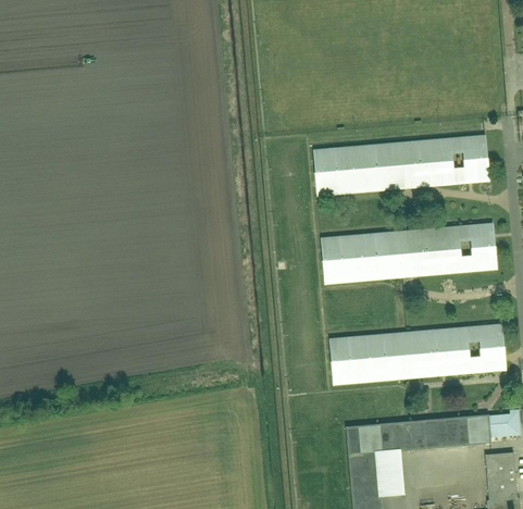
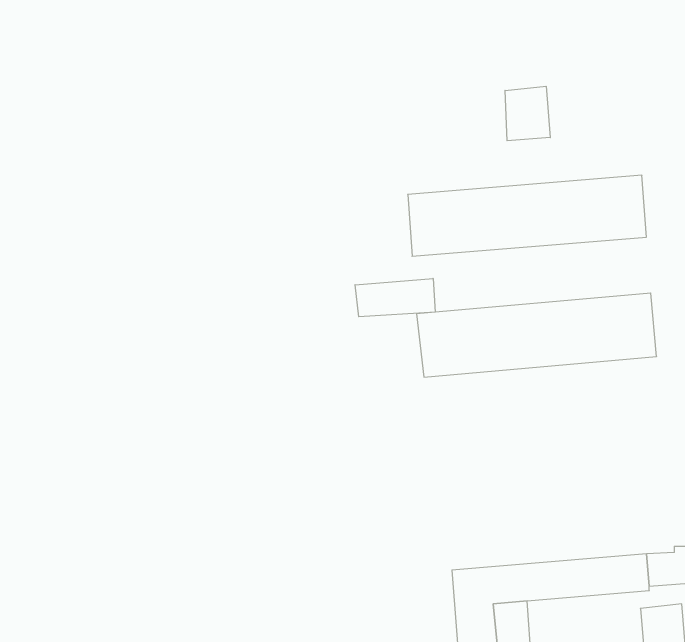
building: none -> [505,86,550,141]
building: none -> [355,278,435,317]
building: [328,323,507,384] -> none

